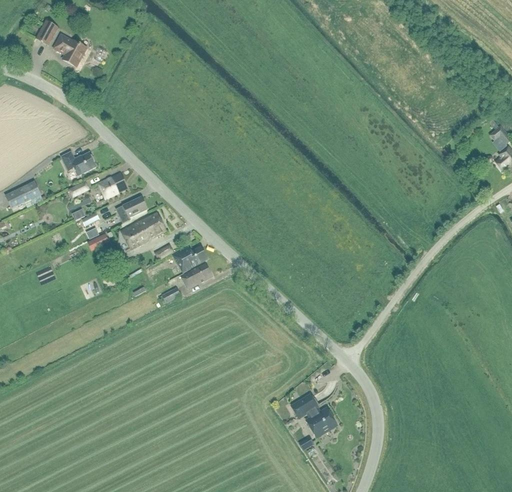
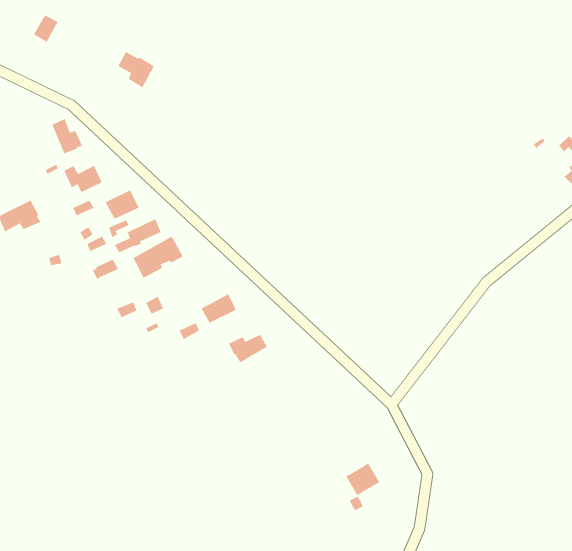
building: [54,34,86,66] -> [117,51,154,88]
building: none -> [52,118,83,154]
building: [173,246,207,271] -> [228,334,268,363]
building: [291,393,320,417] -> none

